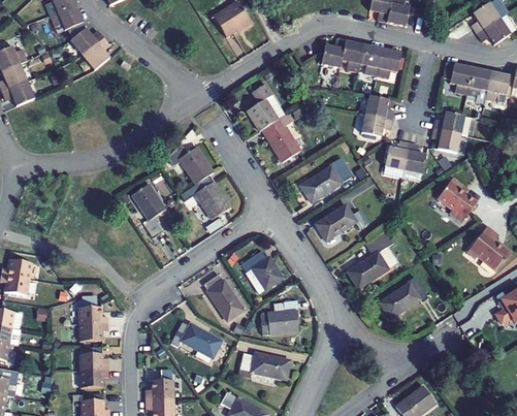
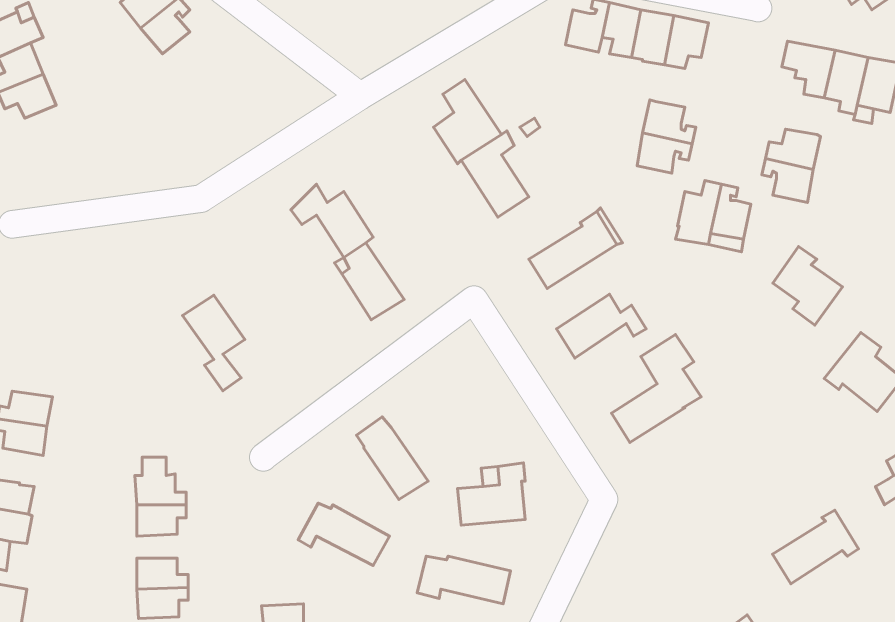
building: [131,184,166,237] -> [183,295,245,391]
building: [241,251,283,293] -> none
building: [378,278,426,319] -> [772,510,859,584]

